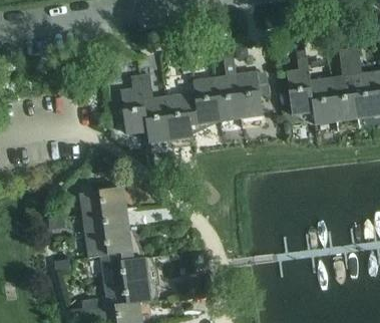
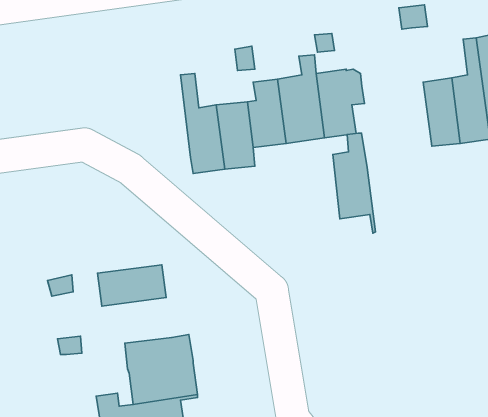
building: [287,55,317,125] -> [333,133,376,233]
building: [120,74,147,135] -> none
building: [79,181,127,214] -> none
building: [85,231,134,263] -> none

